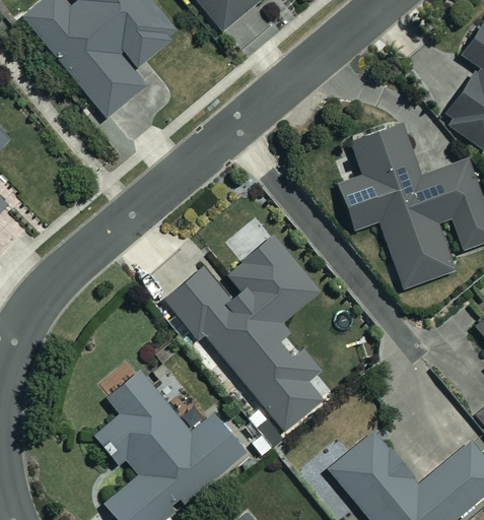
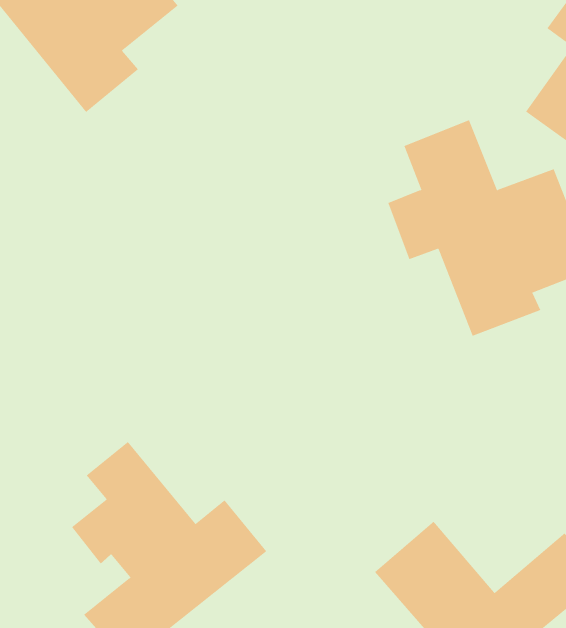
building: [166,235,325,432] -> none

